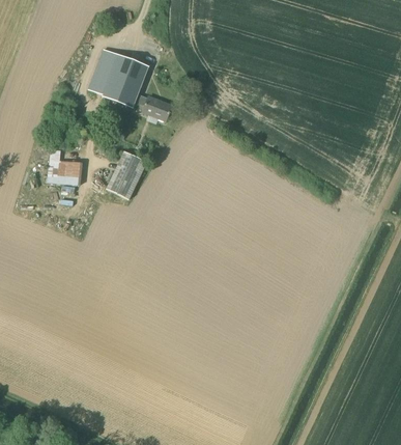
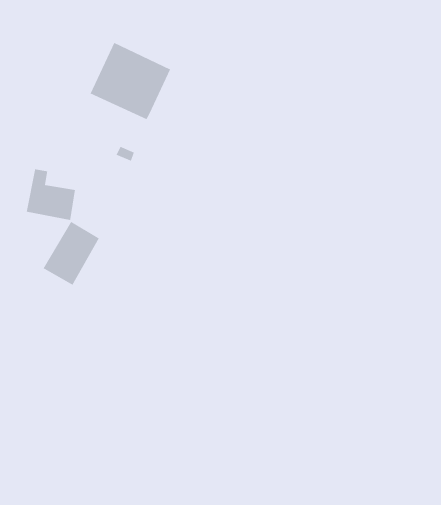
building: [135,94,172,121] -> none
building: [106,151,147,200] -> [42,221,100,286]

